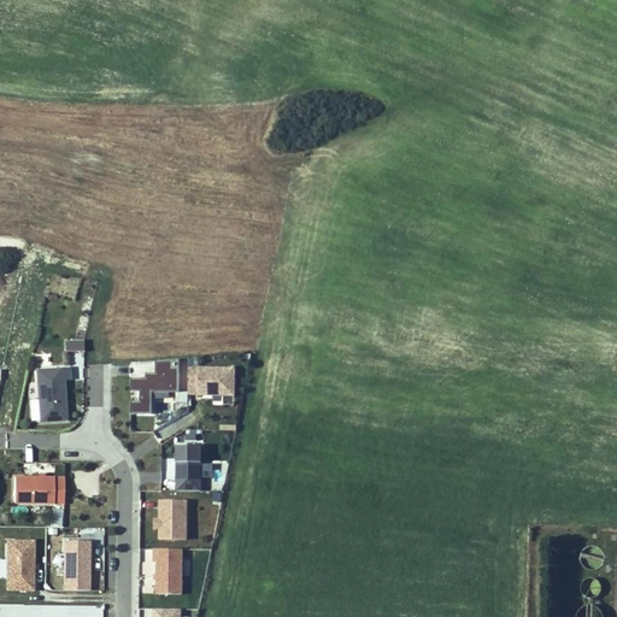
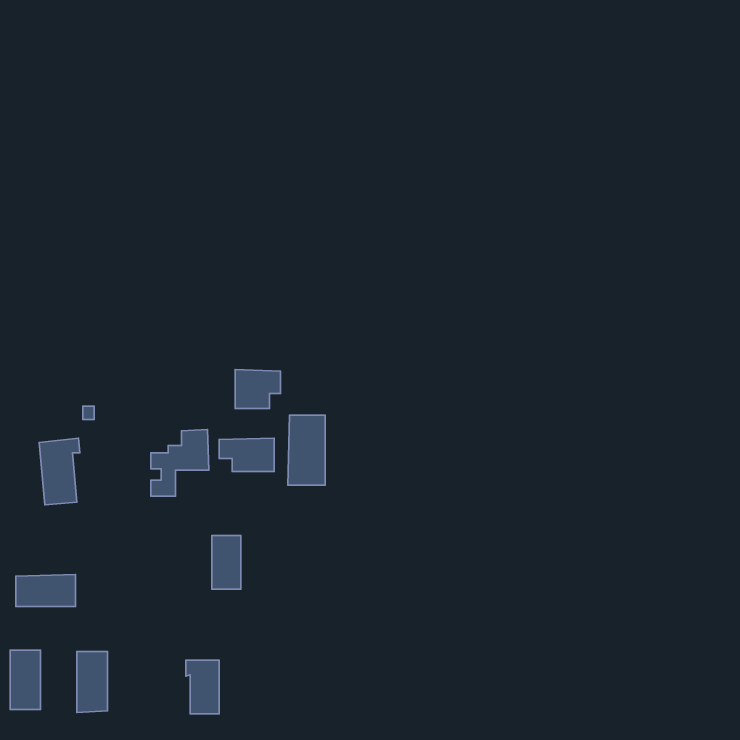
building: none -> [235,370,280,409]
building: none -> [288,415,325,485]
building: [160,499,187,539] -> none

